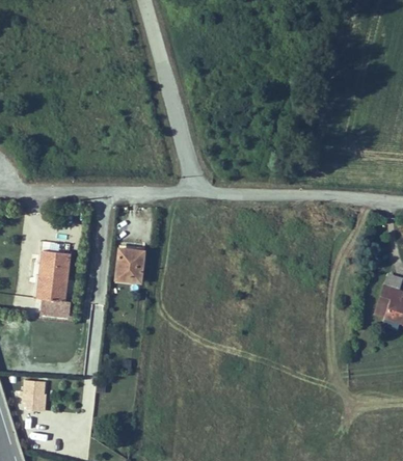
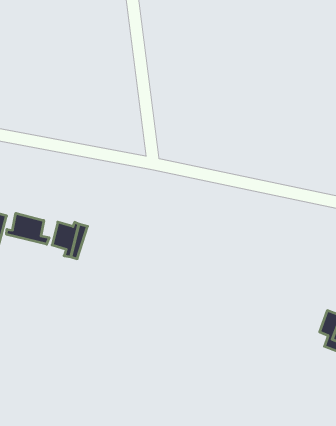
building: none -> [7,213,49,244]

